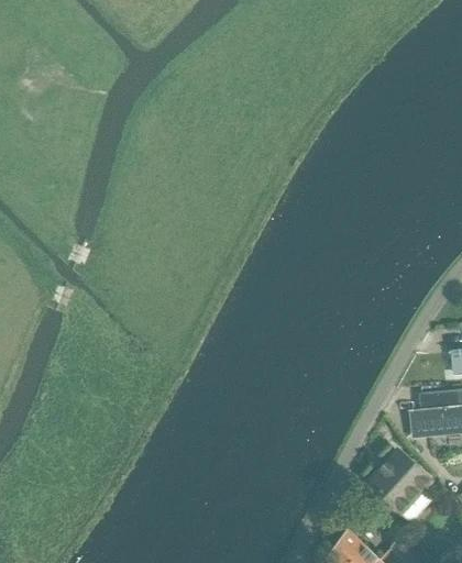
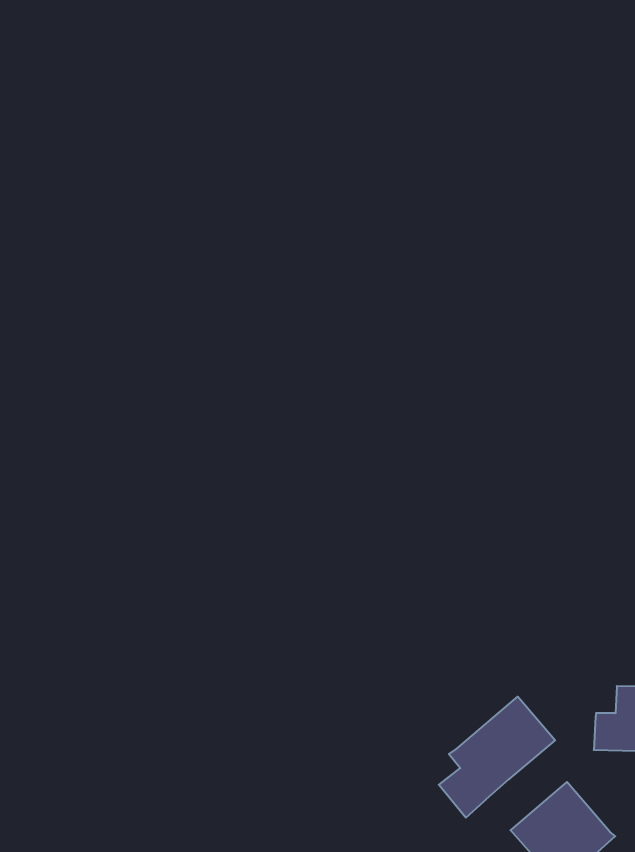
building: none -> [439,697,555,818]

